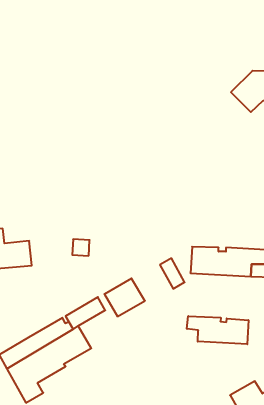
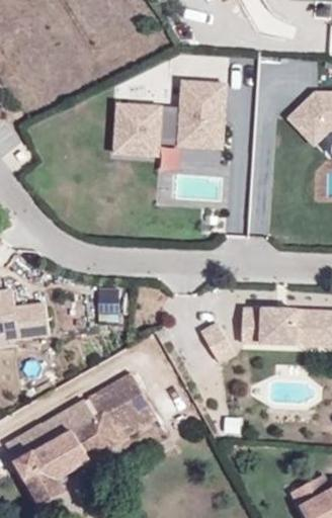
building: none -> [116,83,232,174]
building: [104,278,145,316] -> [102,387,152,434]
building: [187,316,248,344] -> none

